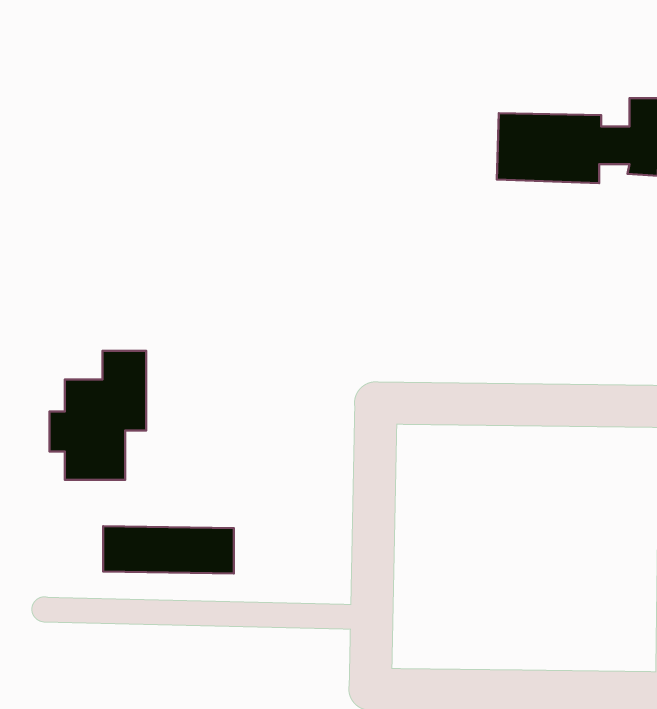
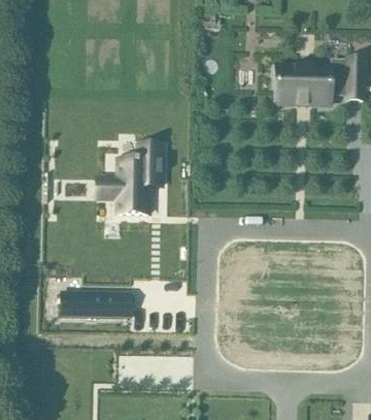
building: [50,351,146,480] -> [110,142,163,213]

